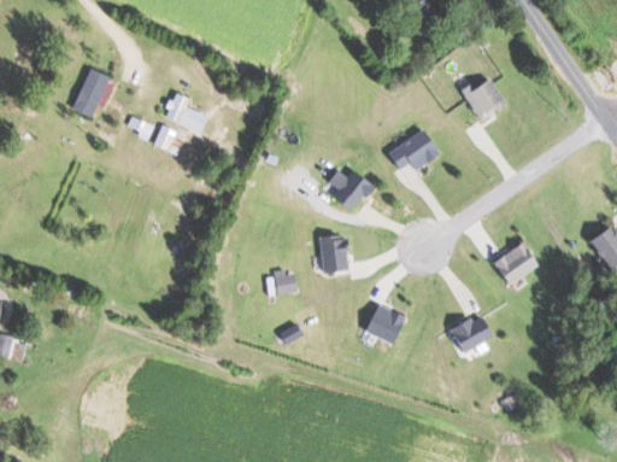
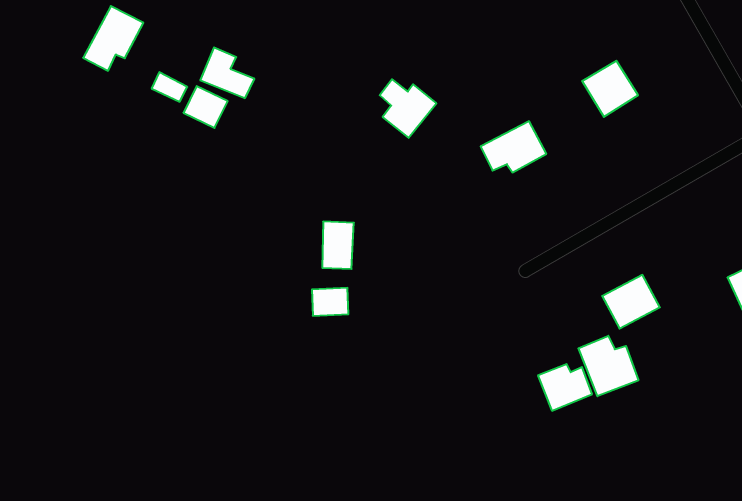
building: [328,168,372,212] -> [380,79,436,138]
building: [319,234,345,271] -> [322,222,354,269]
building: none -> [578,336,638,396]
building: [364,304,406,345] -> none

